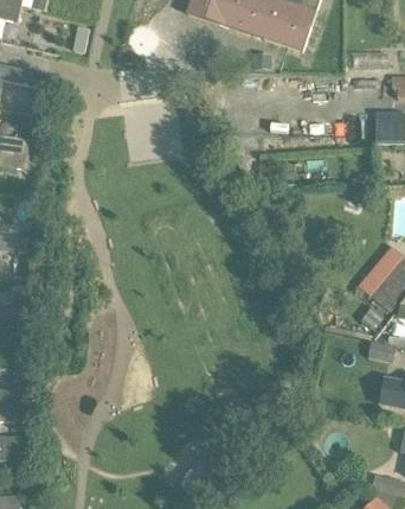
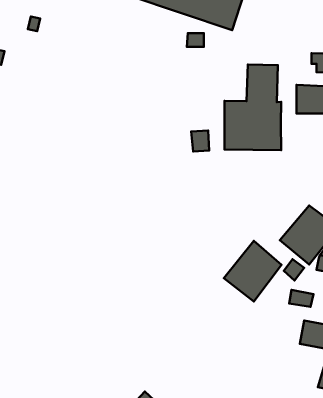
building: none -> [225,64,281,150]
building: none -> [224,241,282,302]

